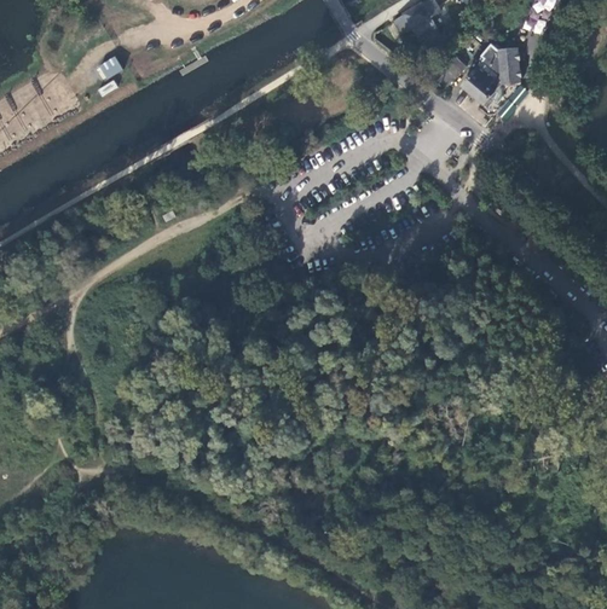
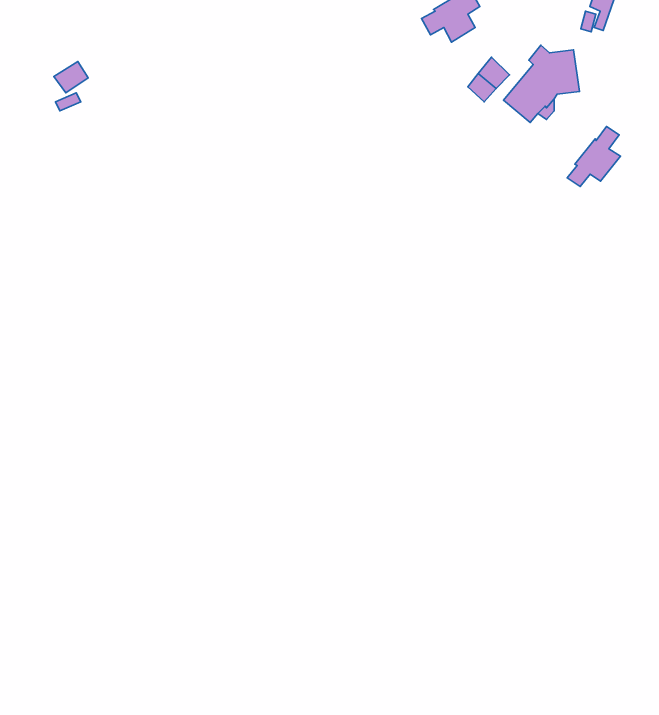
building: none -> [567,126,621,187]

